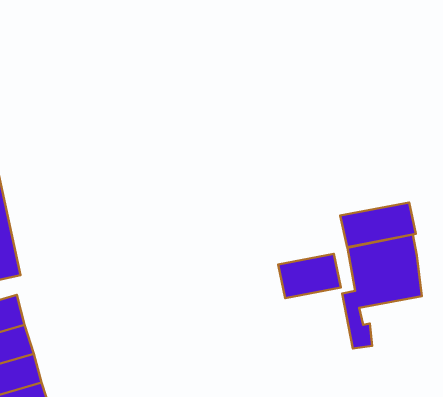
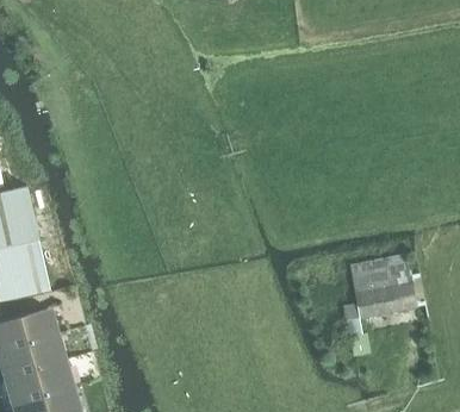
building: [340,202,416,247] -> none
building: [278,254,341,298] -> none

